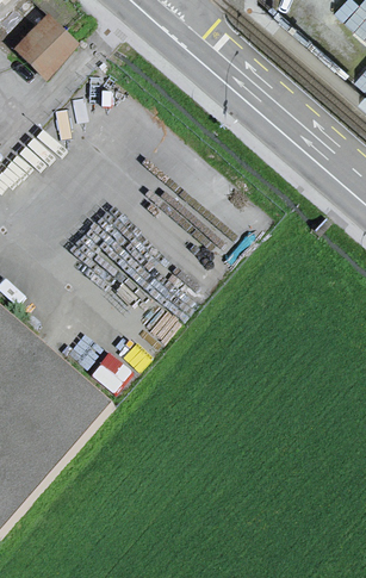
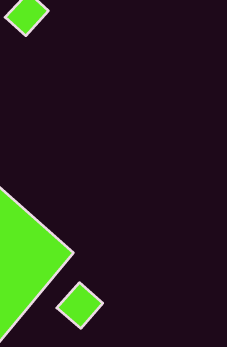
building: none -> [57,283,103,328]

